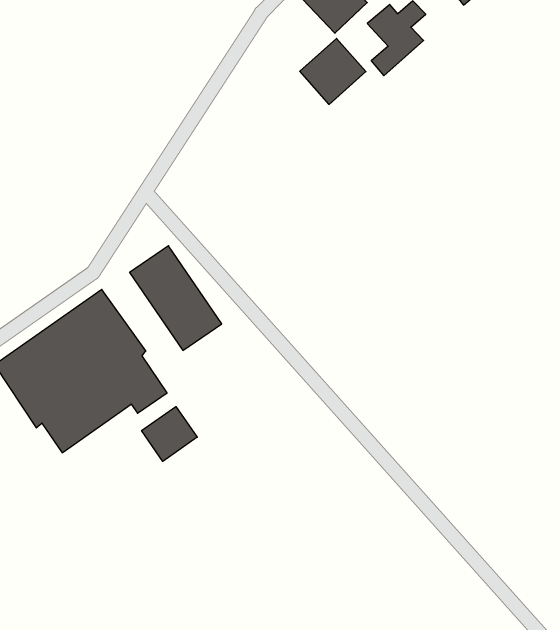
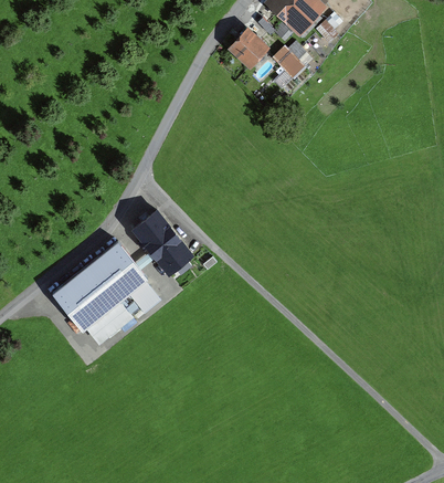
building: [300,38,366,104] -> none
building: [142,407,197,461] -> none

